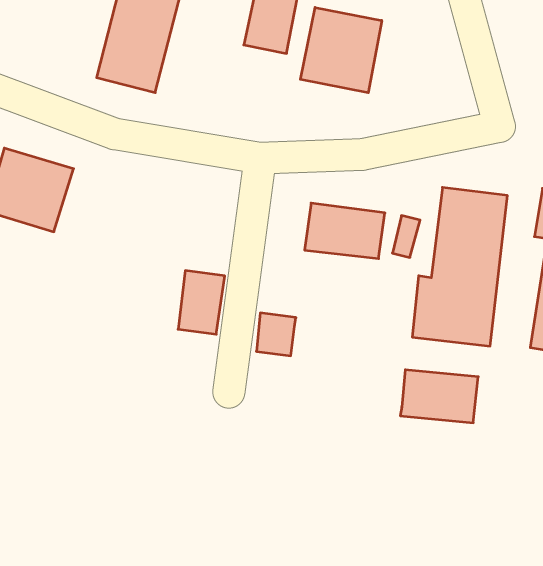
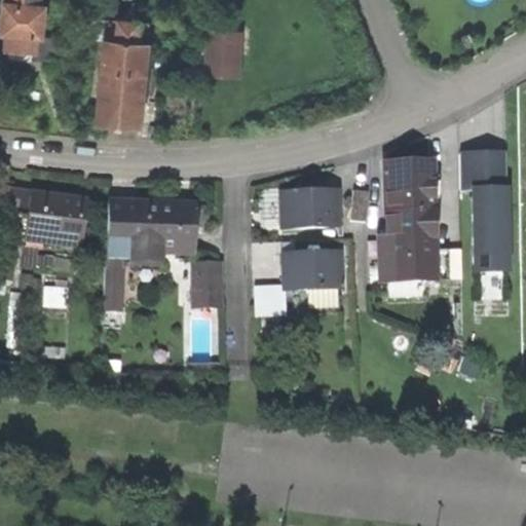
building: [300,7,382,93] -> none
building: none -> [104,196,198,301]
building: [400,370,478,423] -> [281,250,342,291]

